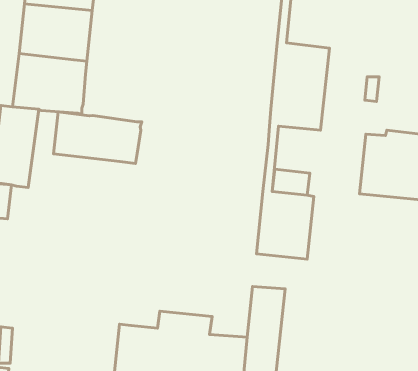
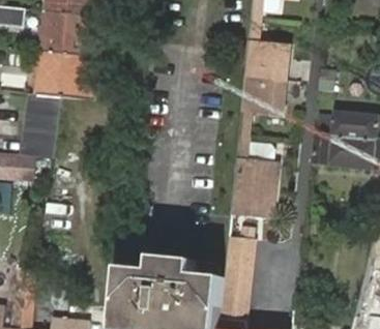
building: [53,112,142,164] -> none

